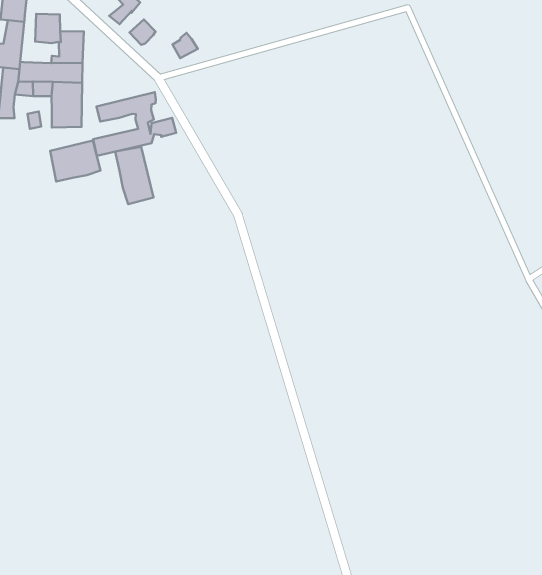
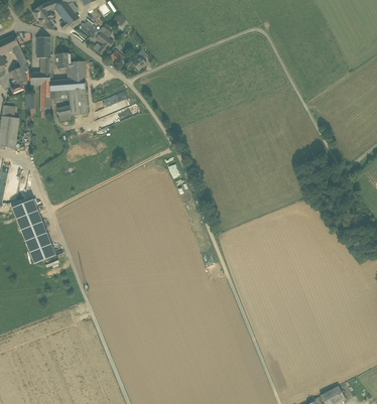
building: [50,140,101,181] -> none
building: [115,147,154,204] -> none

